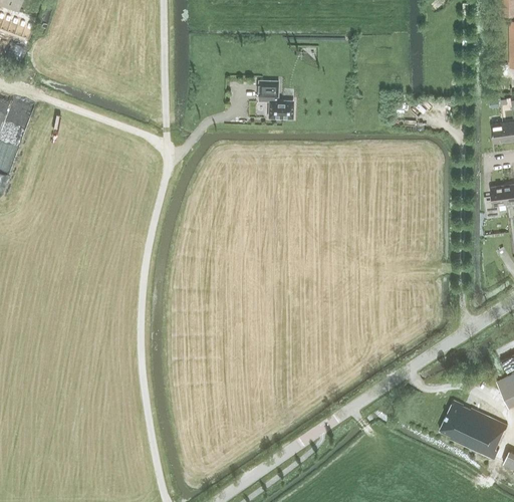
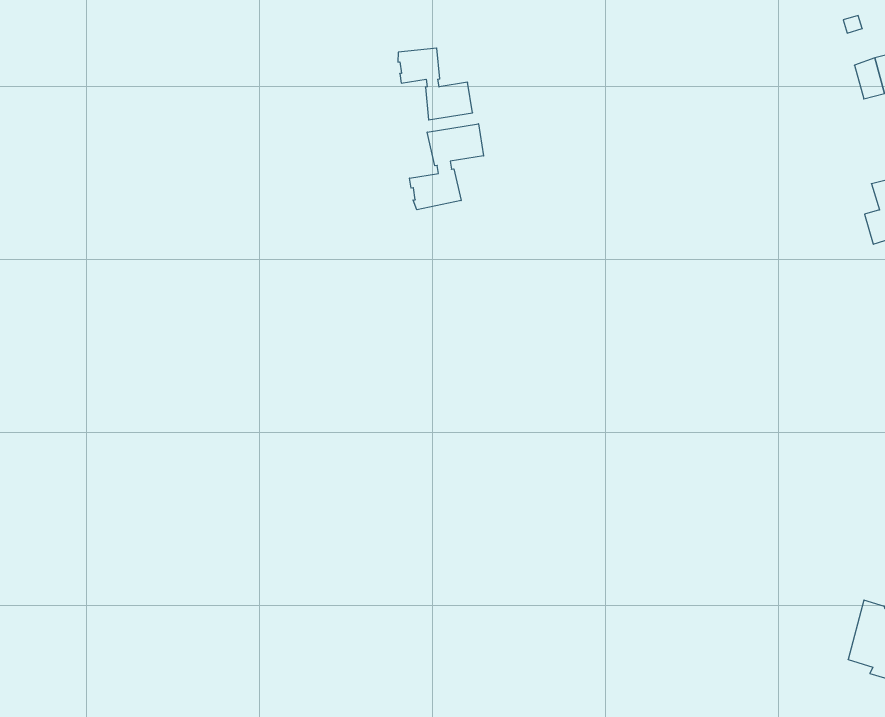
building: none -> [410,124,484,210]

